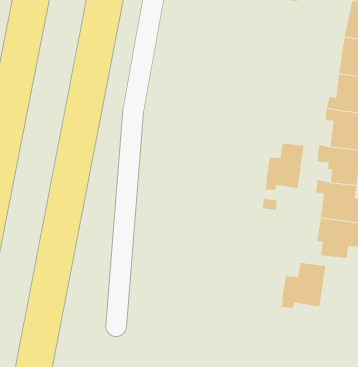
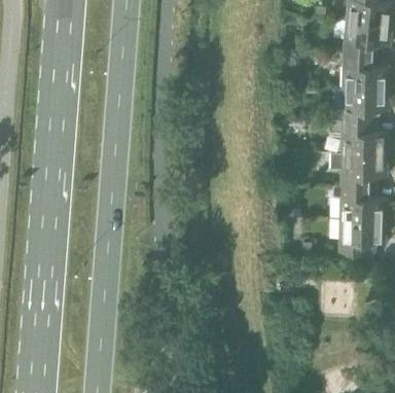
building: [265,143,304,191] -> none
building: [281,262,326,308] -> none

